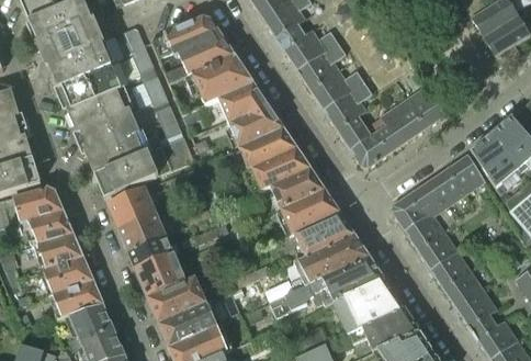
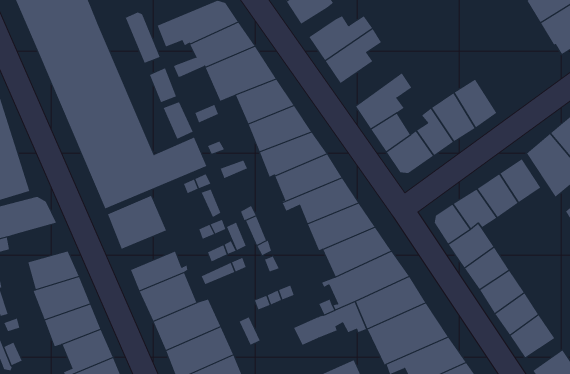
building: [309,69,363,109] -> none
building: [29,210,74,246] -> none
building: [120,216,167,250] -> none

